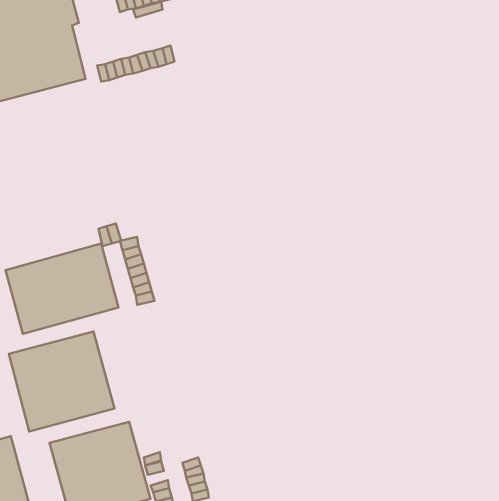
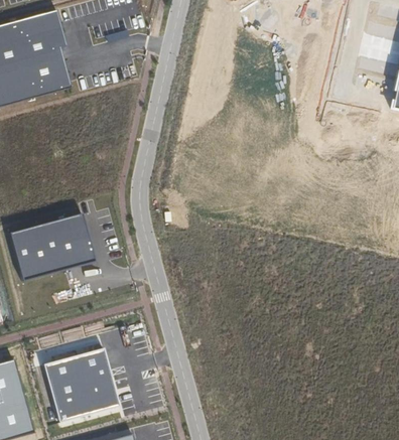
building: [9,331,115,431] -> none

